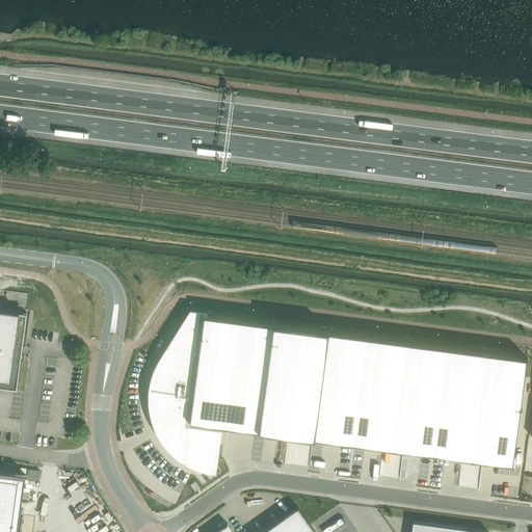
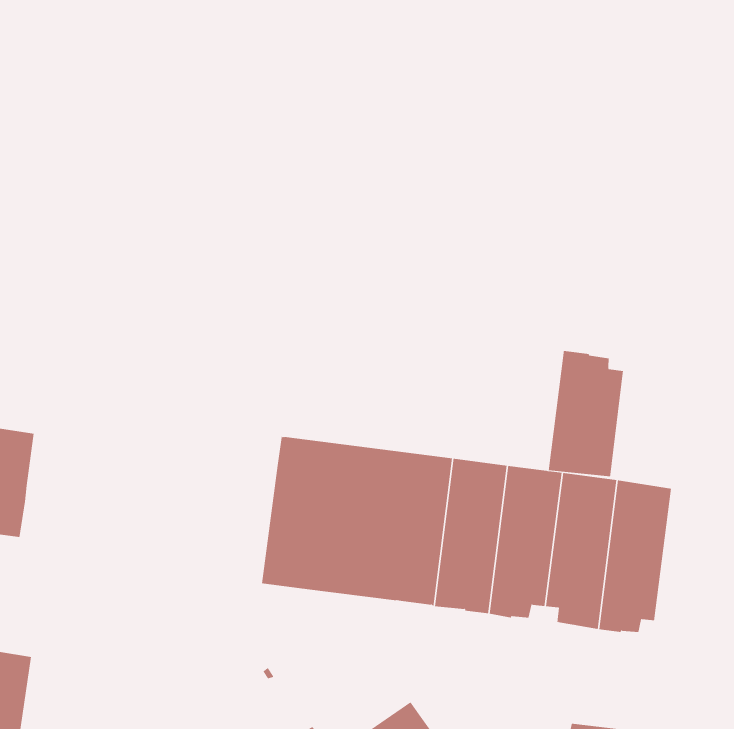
building: none -> [548,350,624,477]
building: [148,315,219,477] -> none
building: [472,357,525,470] -> none

